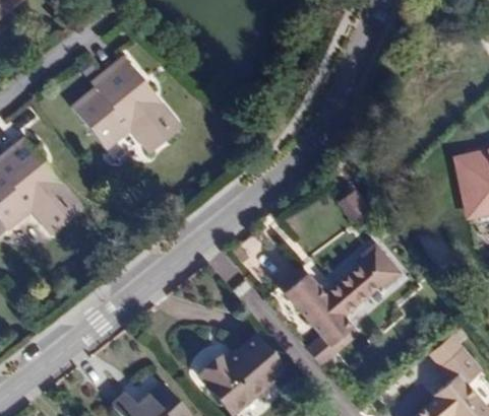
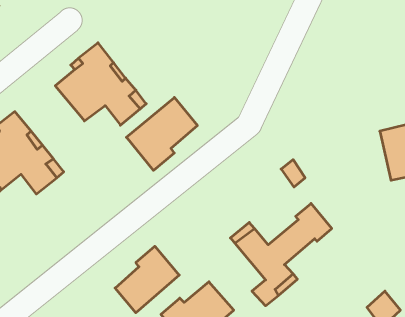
building: none -> [126,97,197,170]
building: none -> [115,246,179,313]

